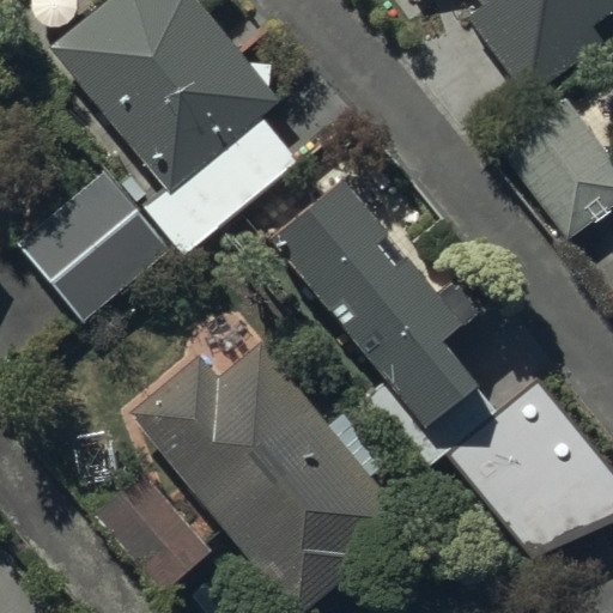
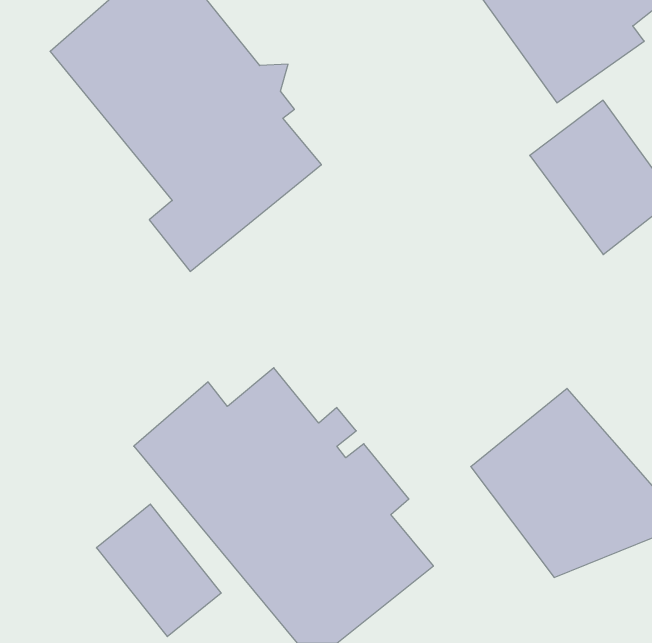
building: [18,169,172,321] -> none
building: [269,186,479,435] -> none

